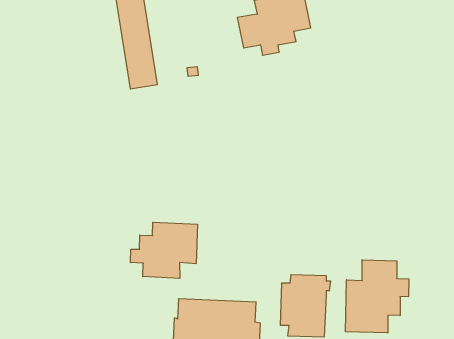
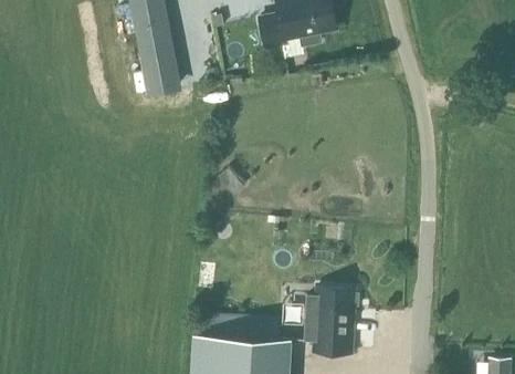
building: [130,222,197,278] -> none
building: [346,260,409,333] -> none

